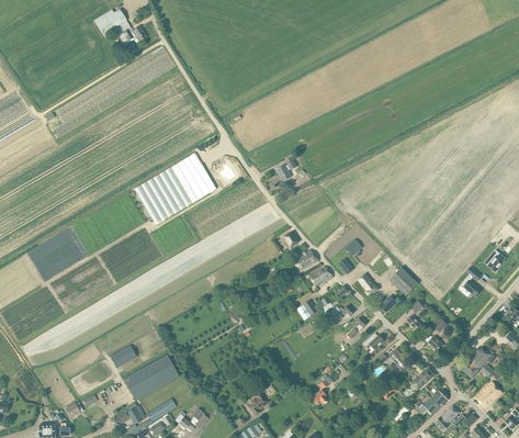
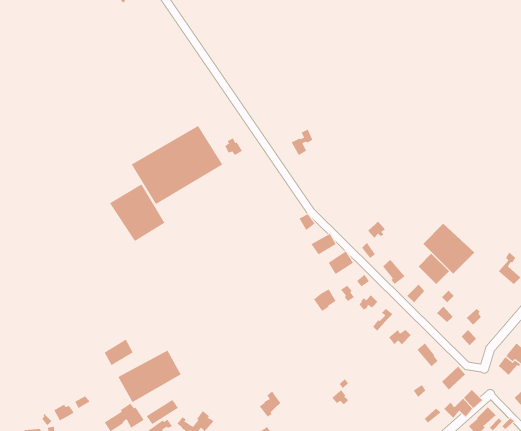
building: none -> [109,183,165,242]
building: none -> [423,223,475,275]

